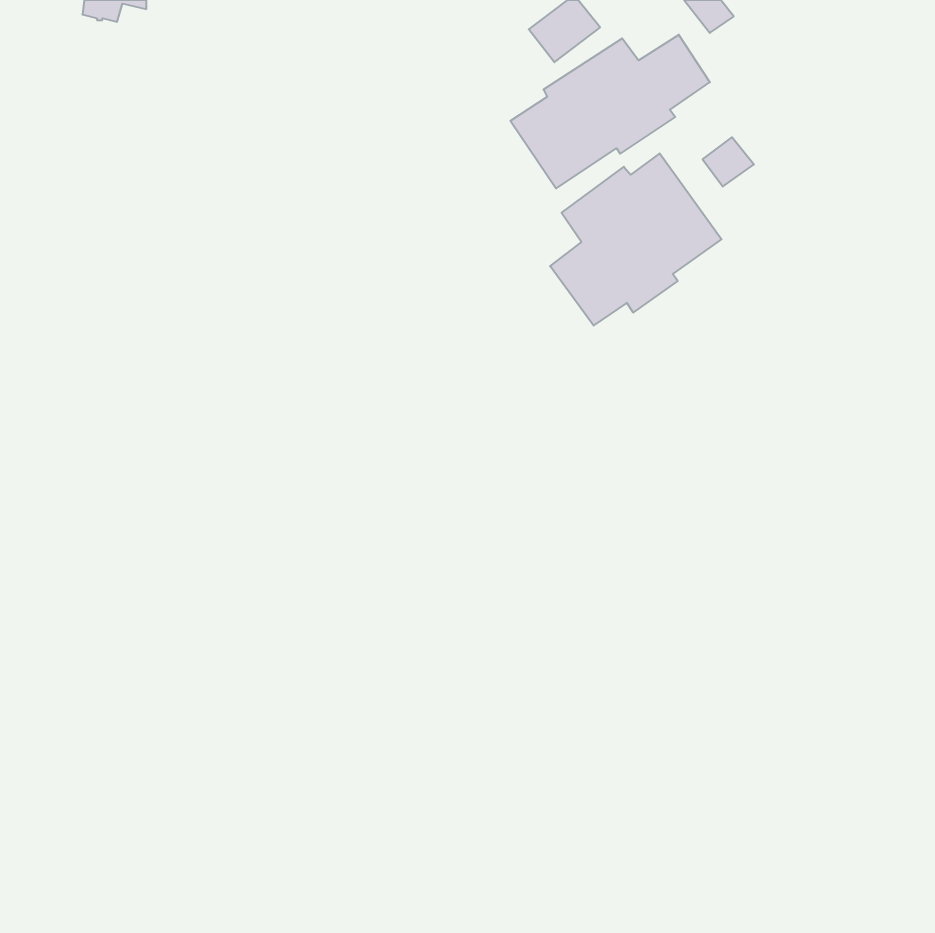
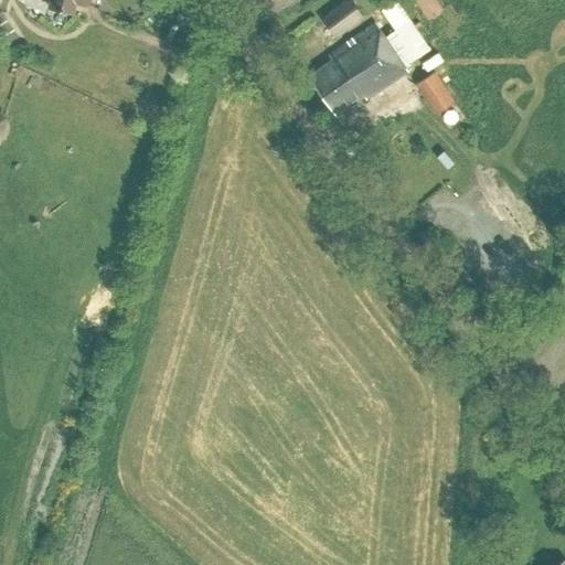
building: [550,153,722,326] -> none

